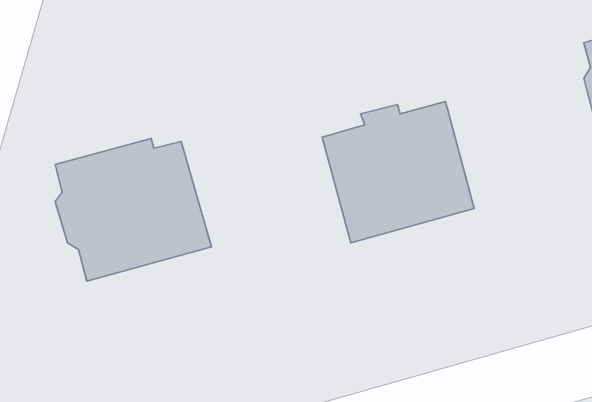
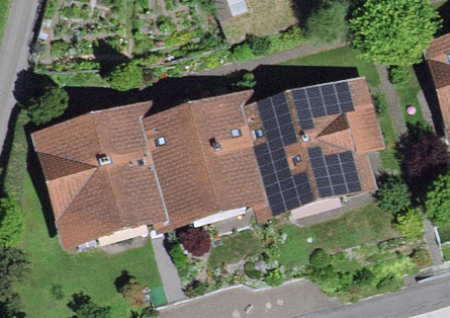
building: none -> [149,104,267,210]

